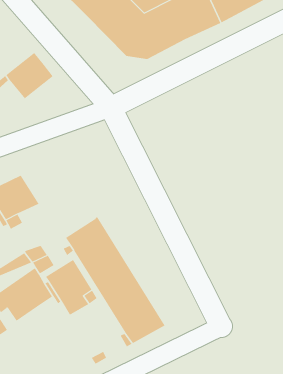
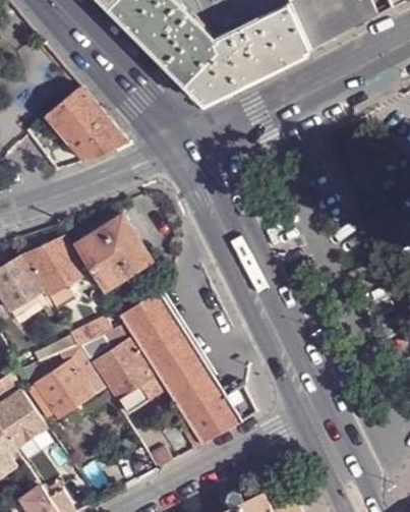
building: none -> [67,116,125,162]
building: none -> [73,218,151,290]

